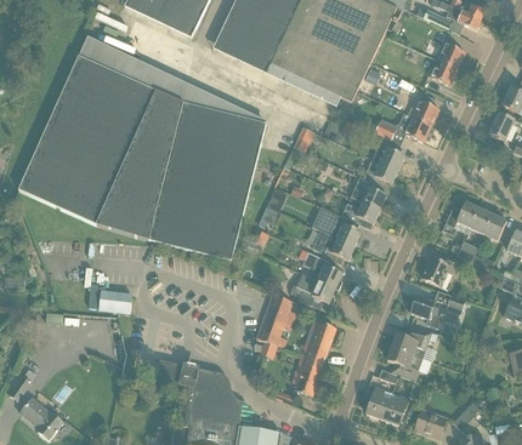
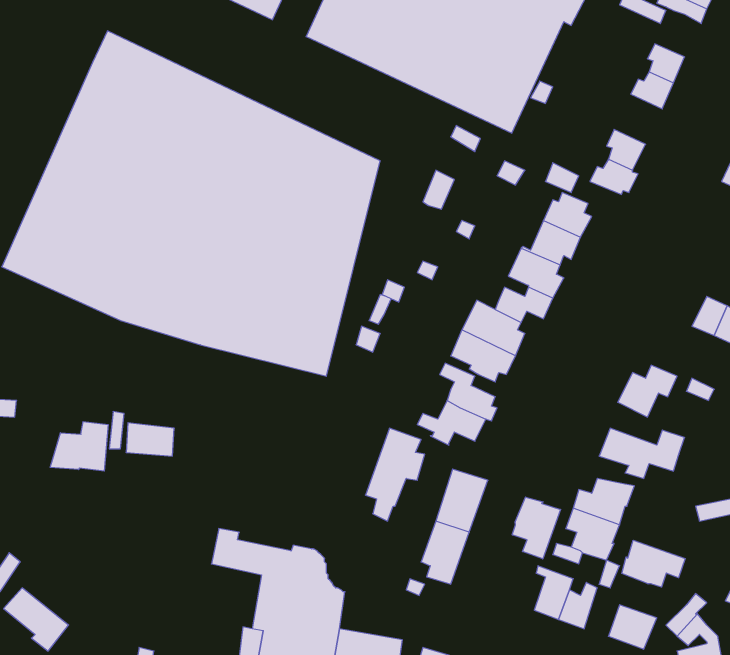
building: [446,201,480,228] -> none
building: none -> [50,422,108,471]
building: none -> [512,497,561,559]
building: none -> [622,540,685,587]

